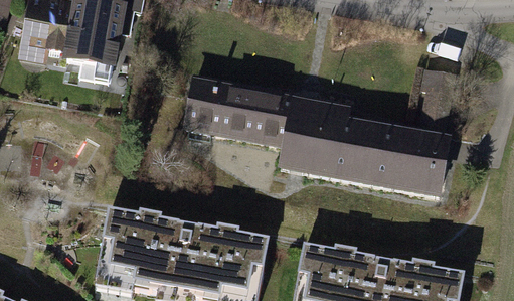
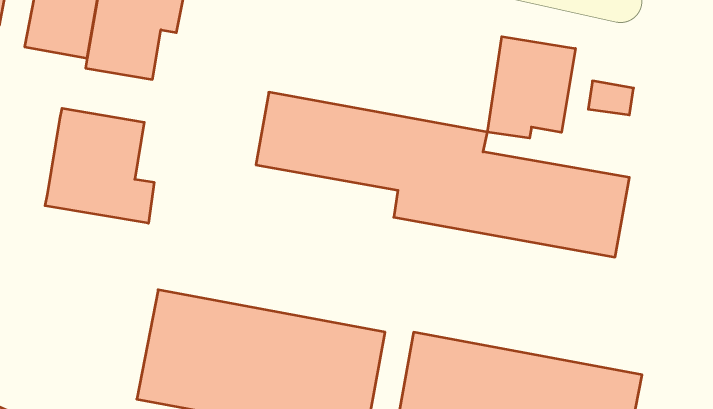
building: none -> [487,37,575,138]
building: none -> [45,108,154,223]

